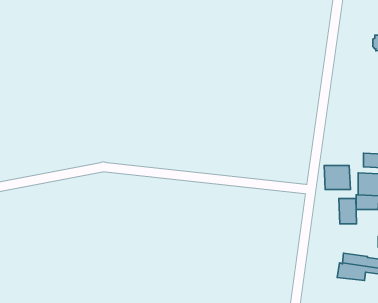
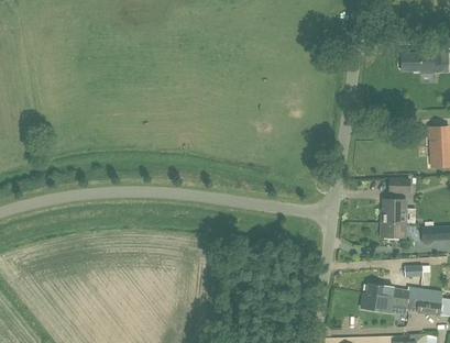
building: [324,166,351,189] -> none
building: [339,198,357,224] -> none

